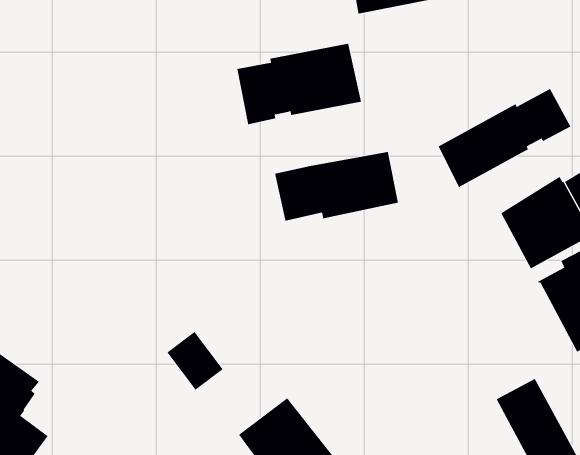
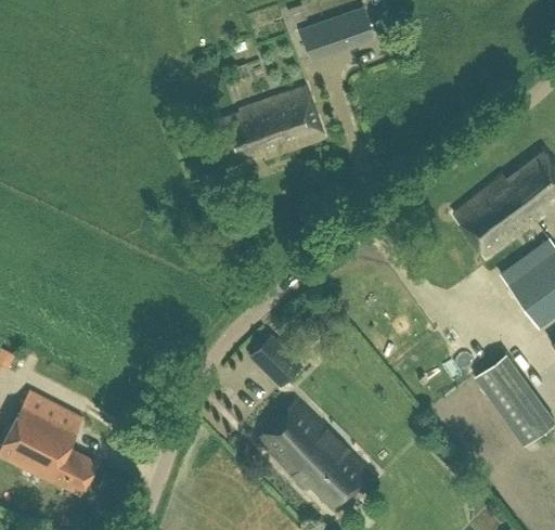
building: [438,88,571,188] -> none
building: [275,151,399,221] -> none
building: [167,331,224,390] -> [251,335,302,386]

